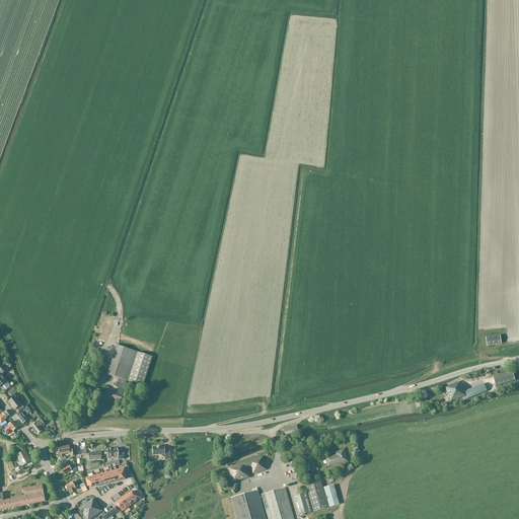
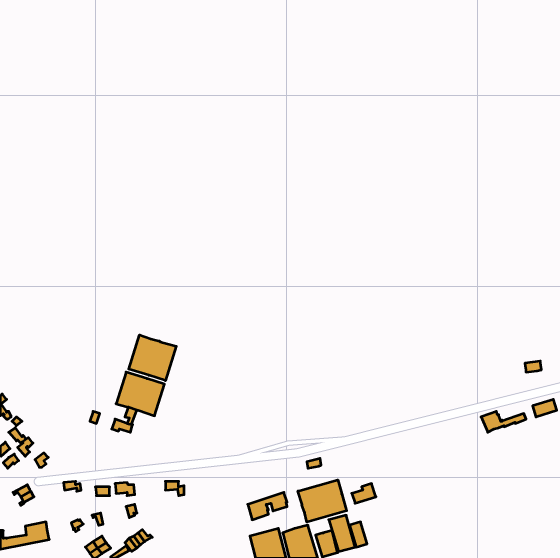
building: none -> [129,335,176,381]
building: none -> [298,480,347,522]

